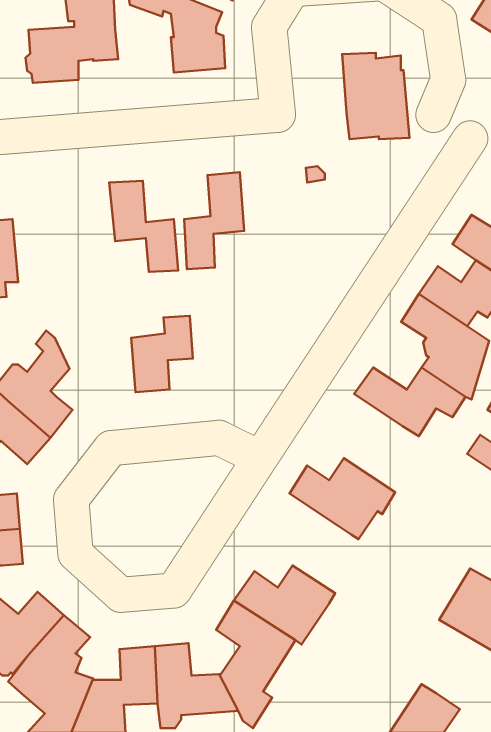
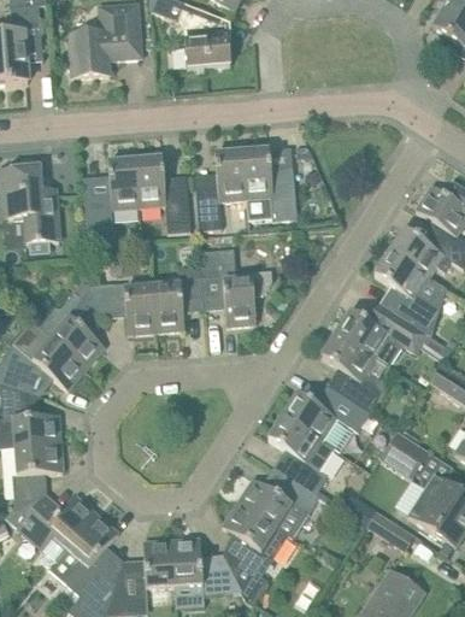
building: [342,53,409,139] -> [242,147,298,218]
building: none -> [84,157,140,229]
building: none -> [200,246,272,324]
building: none -> [90,282,157,331]
building: none -> [322,330,389,411]
building: none -> [269,412,334,501]
building: none -> [379,429,430,478]
building: none -> [367,509,414,550]

